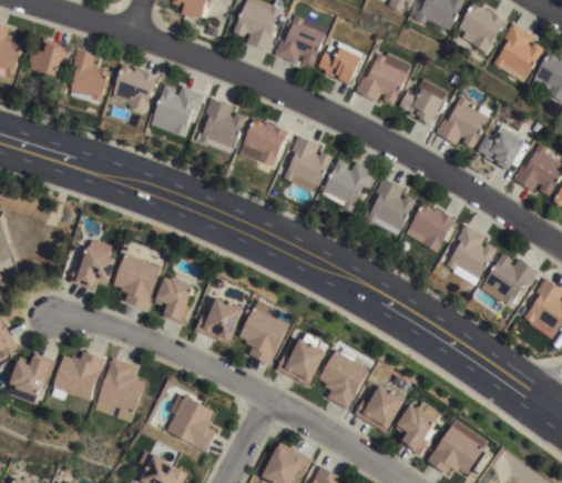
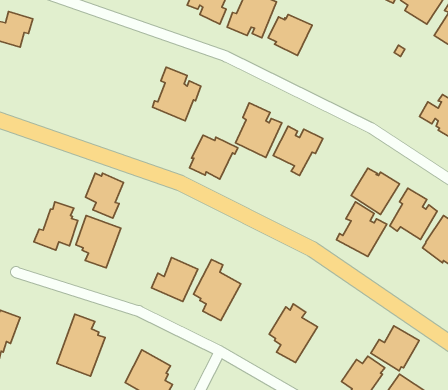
building: [68,48,108,103] -> none
building: [355,52,407,103] -> none
building: [110,64,156,110] -> none
building: [399,78,447,124] -> none
building: [150,83,203,133] -> none
building: [435,95,491,148] -> none
building: [238,119,289,165] -> [189,135,238,179]
building: [362,177,416,234] -> [336,202,387,257]
building: [155,276,195,324] -> [86,173,123,218]
building: [276,333,326,386] -> none
building: [50,351,104,401] -> none
building: [355,385,406,433] -> [371,326,419,371]

